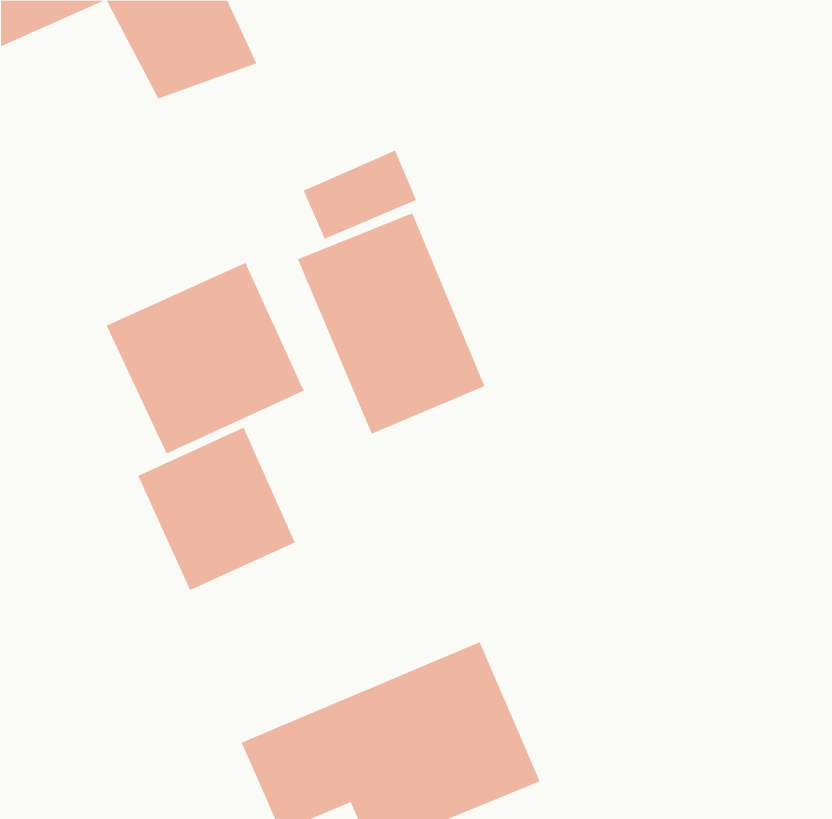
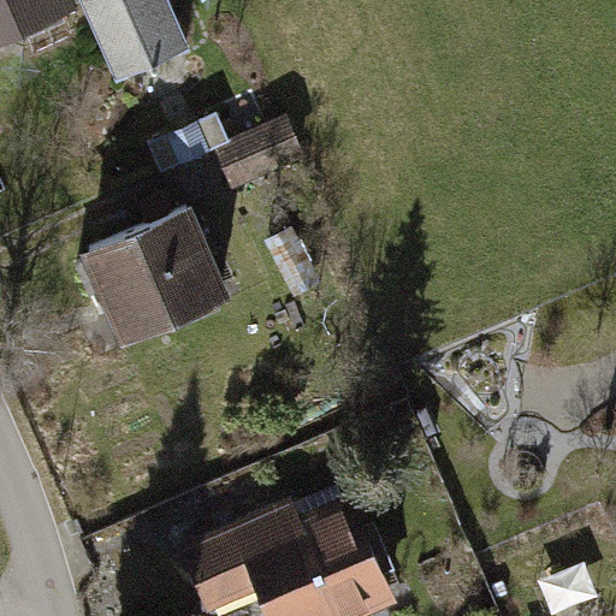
building: [297,213,485,434] -> none
building: [137,427,296,591] -> none

